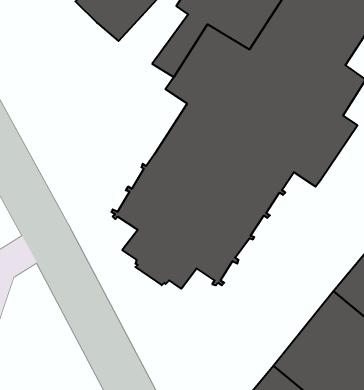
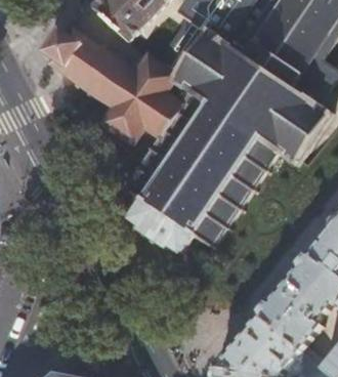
building: none -> [41,29,183,144]

